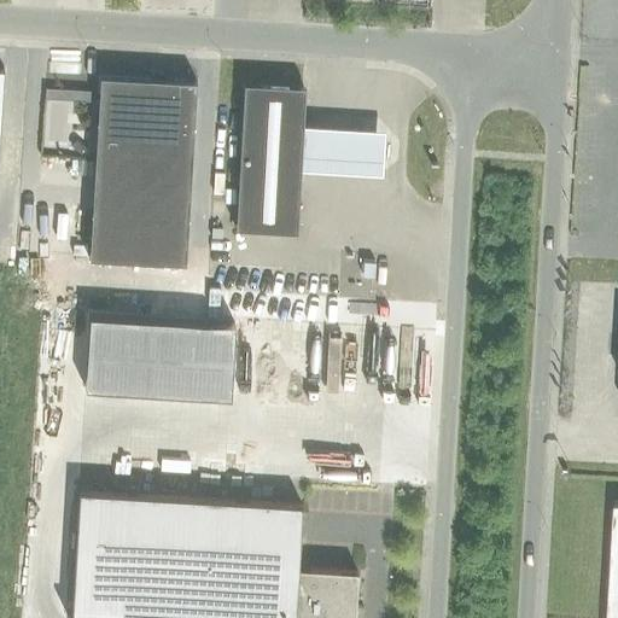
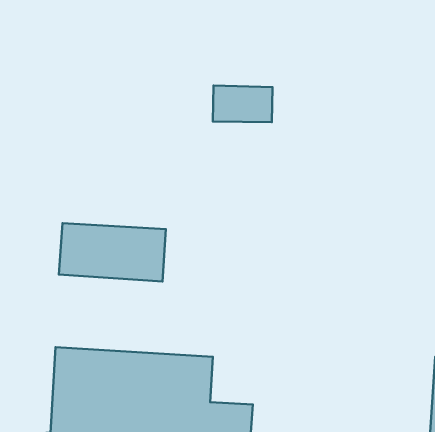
building: [91,81,198,268] -> none
building: [237,89,307,239] -> none

